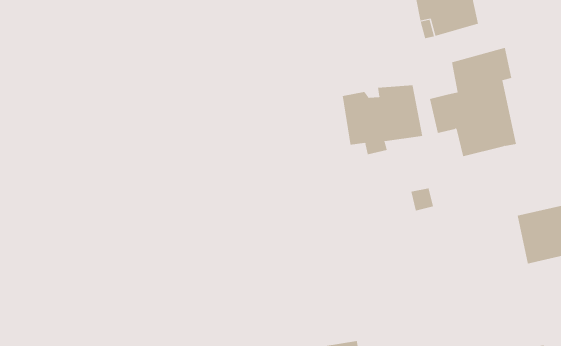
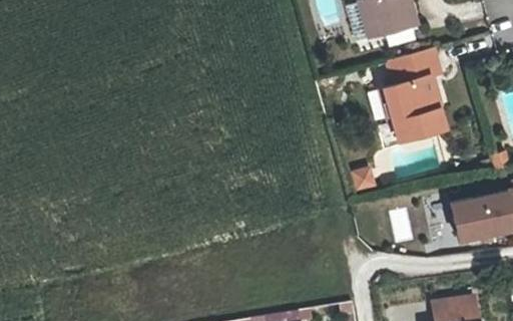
building: [342,84,423,155] -> none

